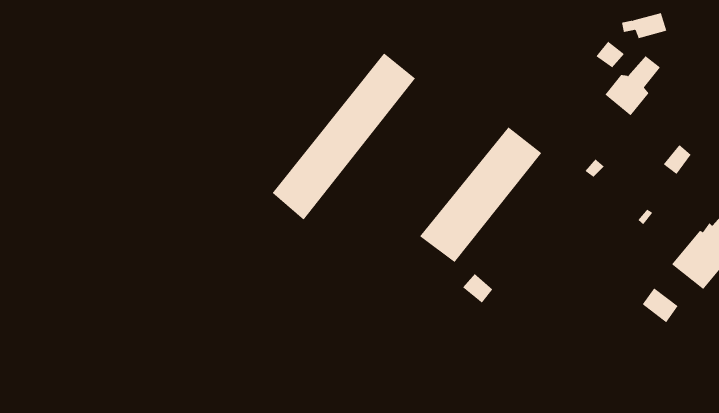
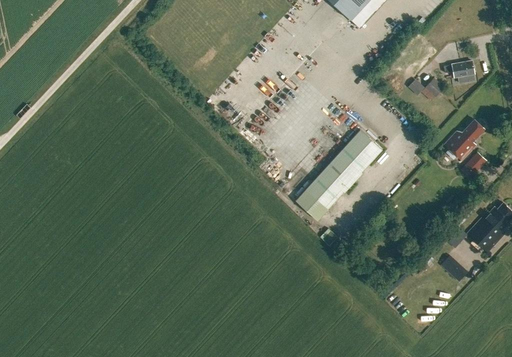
building: [272,53,416,221] -> none
building: [604,55,661,116] -> [444,118,484,159]

